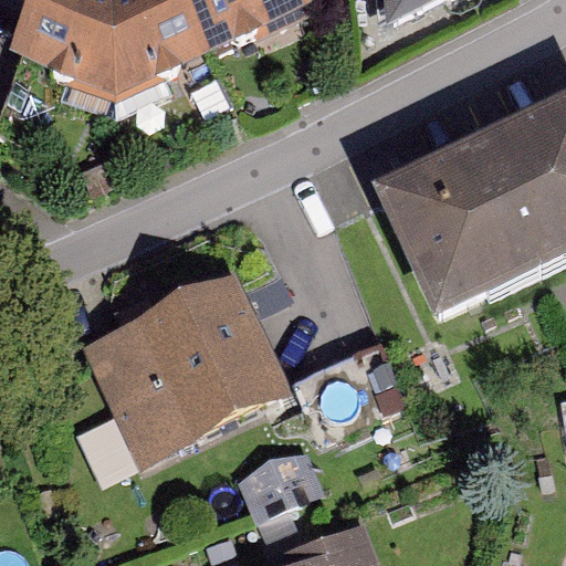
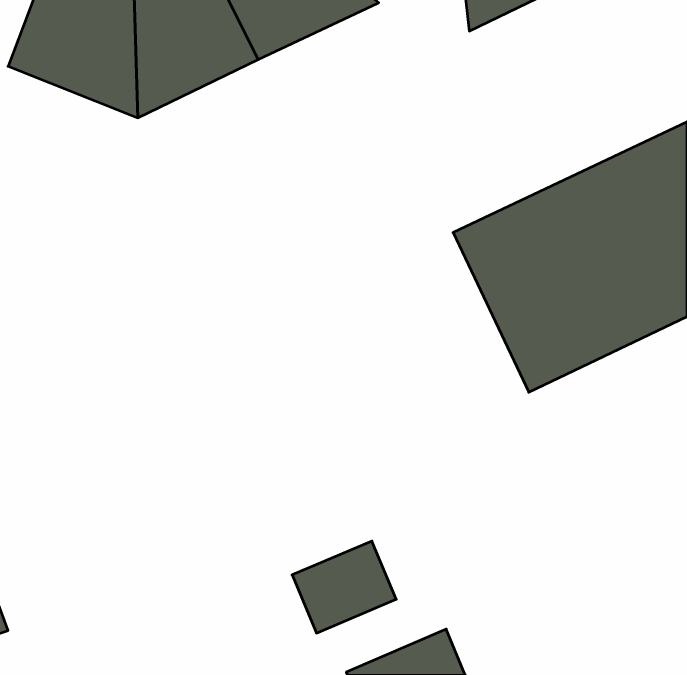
building: [82,272,293,467] -> none

